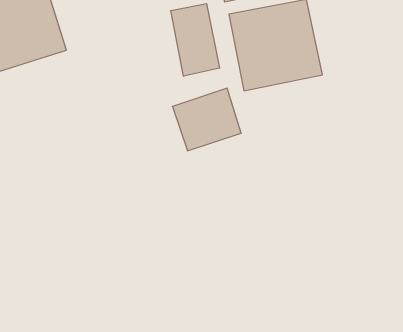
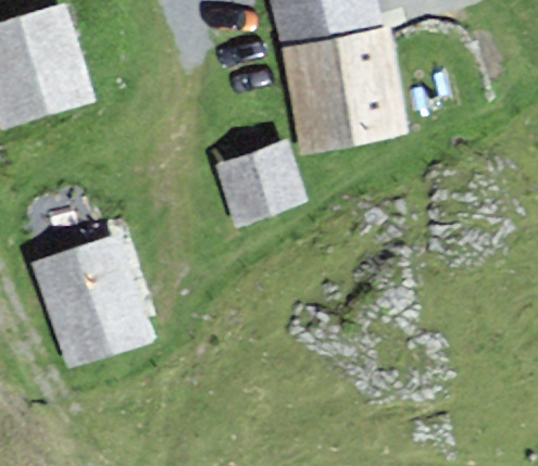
building: [171,4,220,76] -> none
building: none -> [35,236,152,365]

